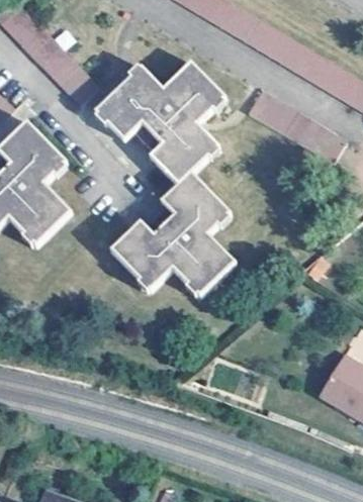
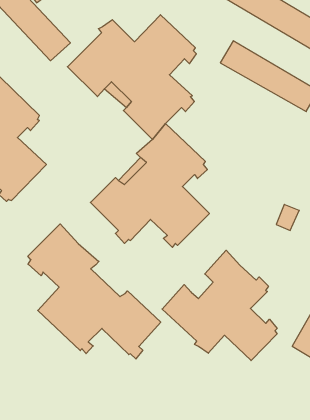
building: none -> [28,224,161,359]
building: none -> [162,250,277,361]

